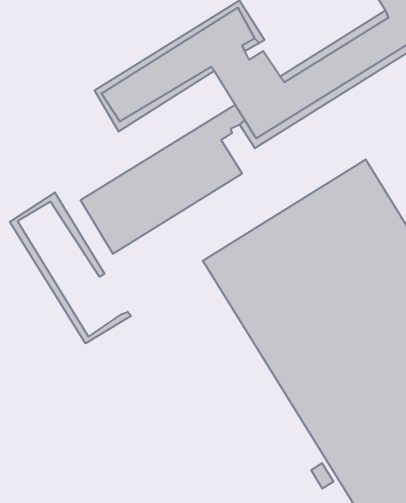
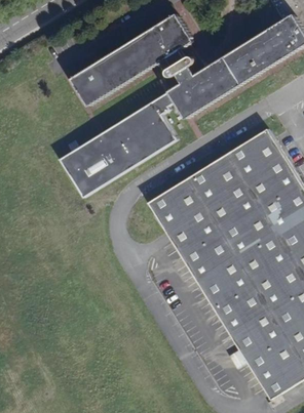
building: [10,192,131,343] -> none

